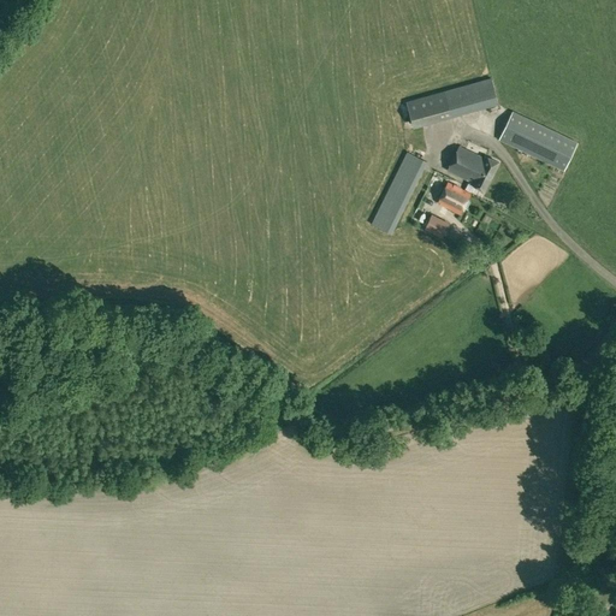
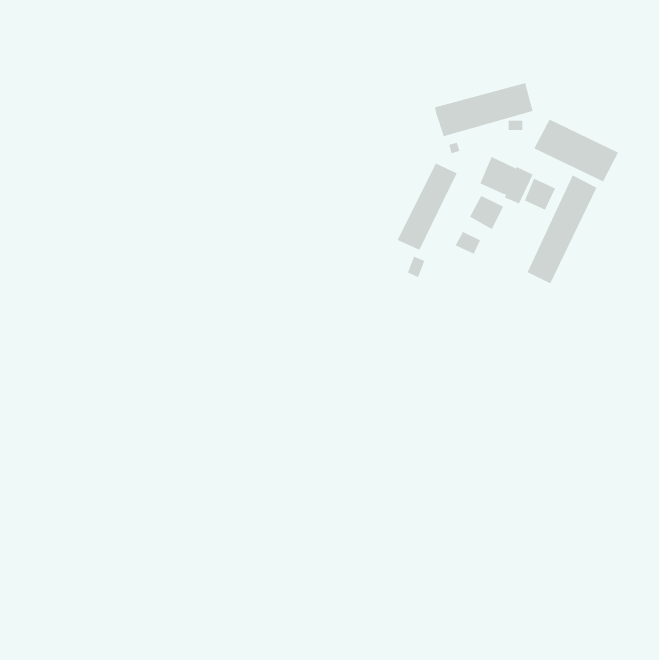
building: none -> [527,175,597,284]
building: none -> [524,178,556,210]

